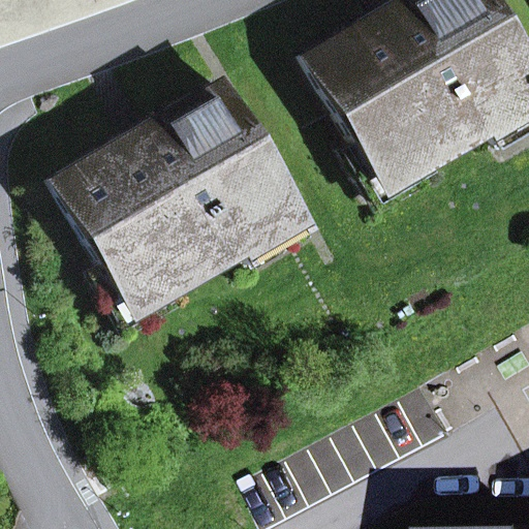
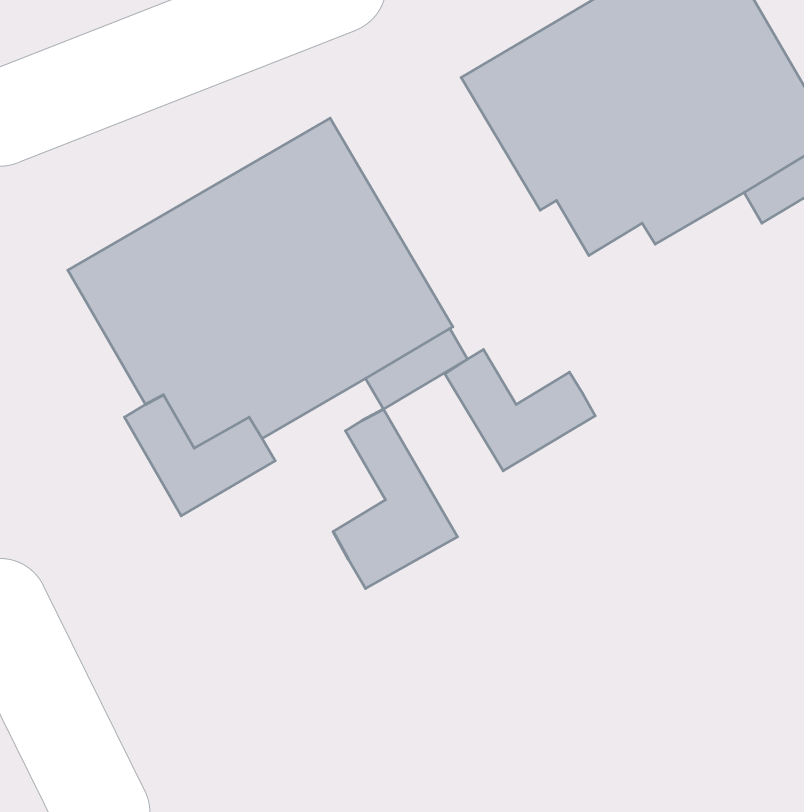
building: [345,128,441,206] -> [445,349,595,471]
building: none -> [333,409,457,589]

